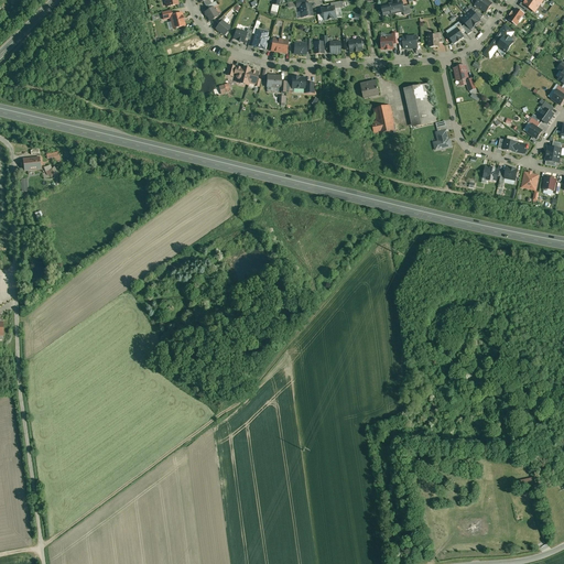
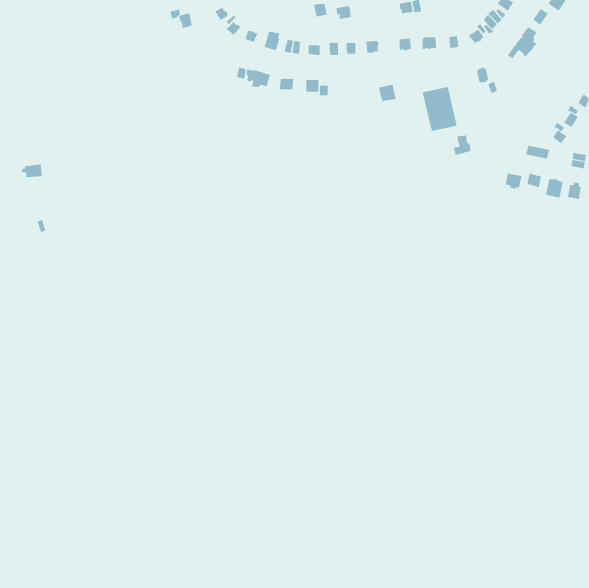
building: [371,105,395,134] -> none

